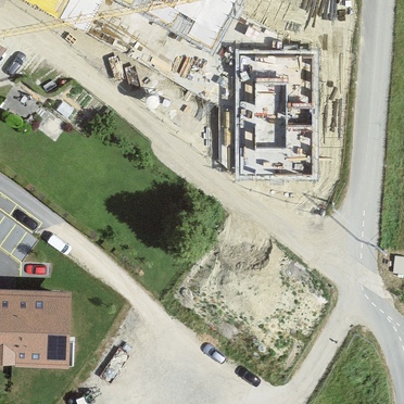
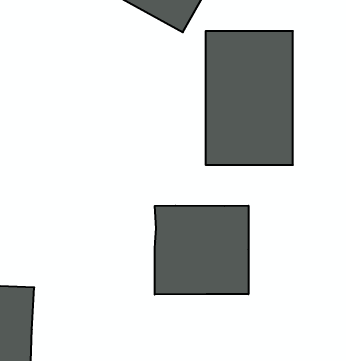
building: none -> [155,206,248,295]

